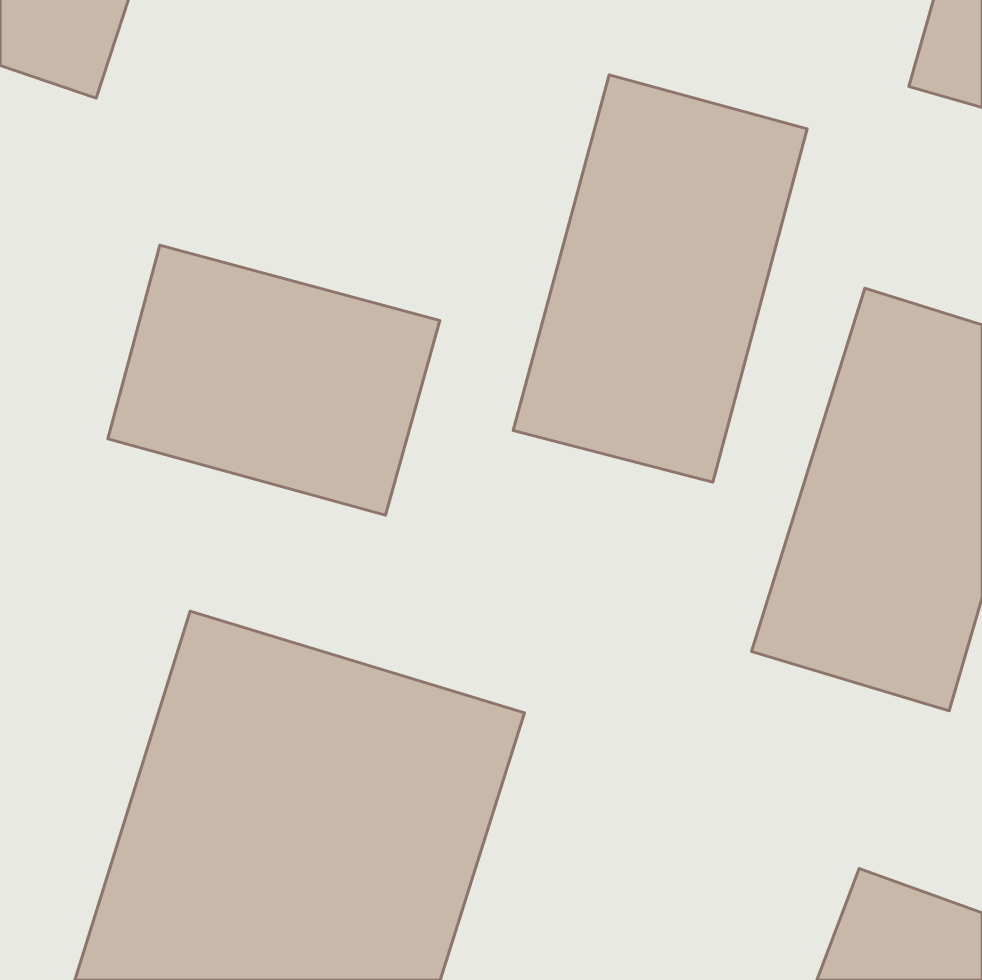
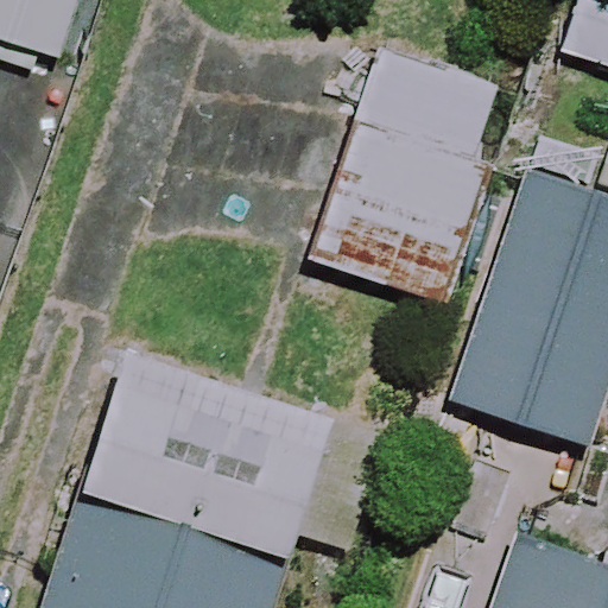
building: [108,245,440,515] -> none

